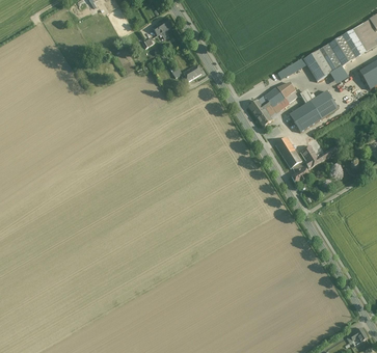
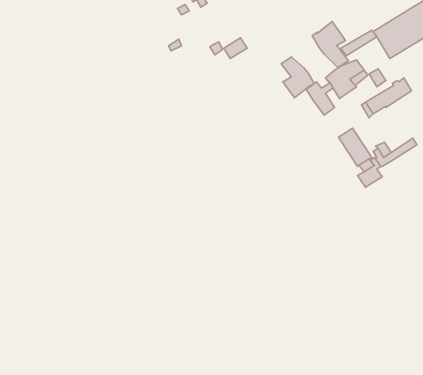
building: none -> [312,21,349,68]
building: none -> [281,57,314,98]

